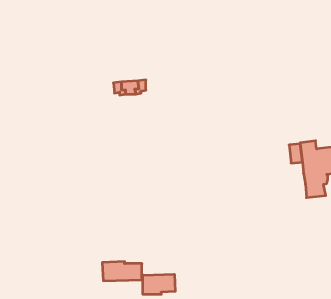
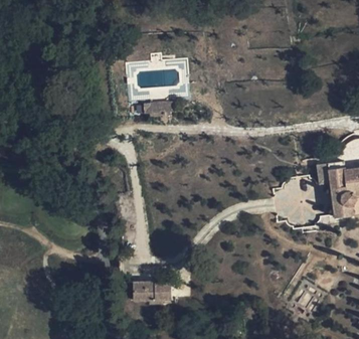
building: [143,274,175,294] -> none

